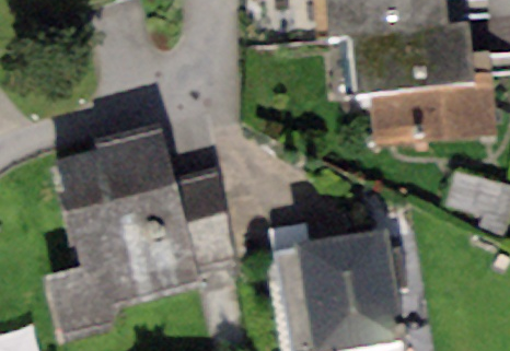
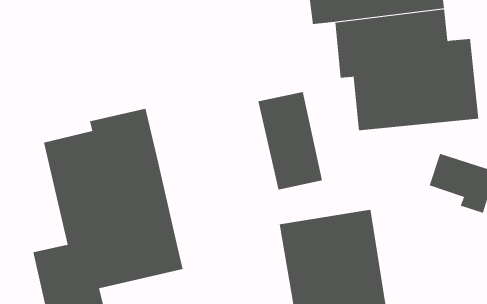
building: [171,171,237,271] -> [257,91,323,190]

